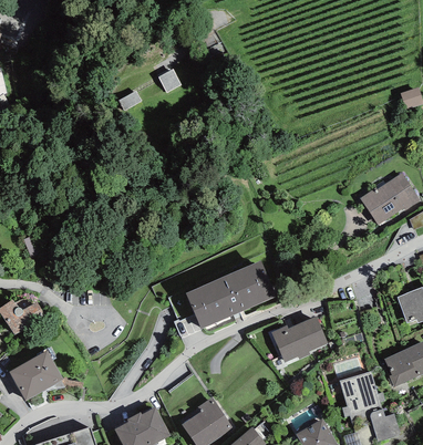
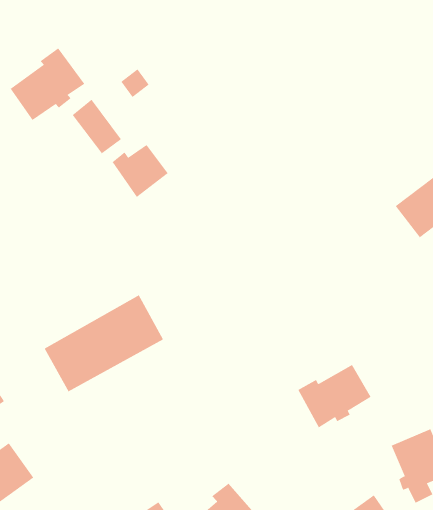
building: none -> [10,47,85,121]
building: none -> [112,144,168,198]
building: [186,258,279,328] -> [44,294,164,392]

